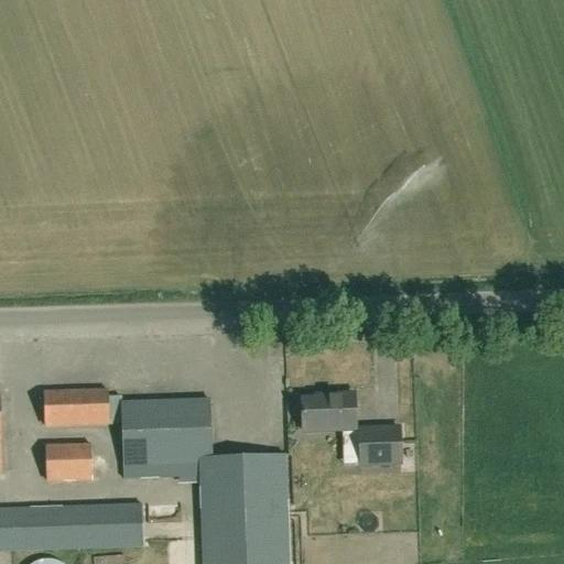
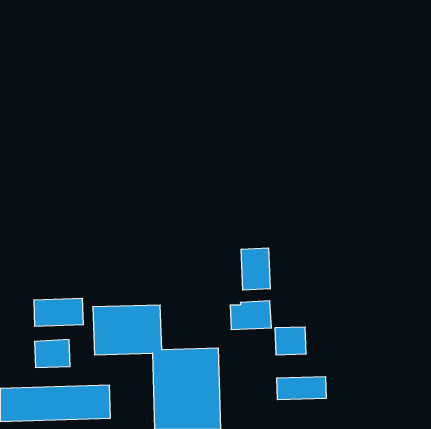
building: none -> [241,248,270,290]
building: none -> [277,377,326,400]

